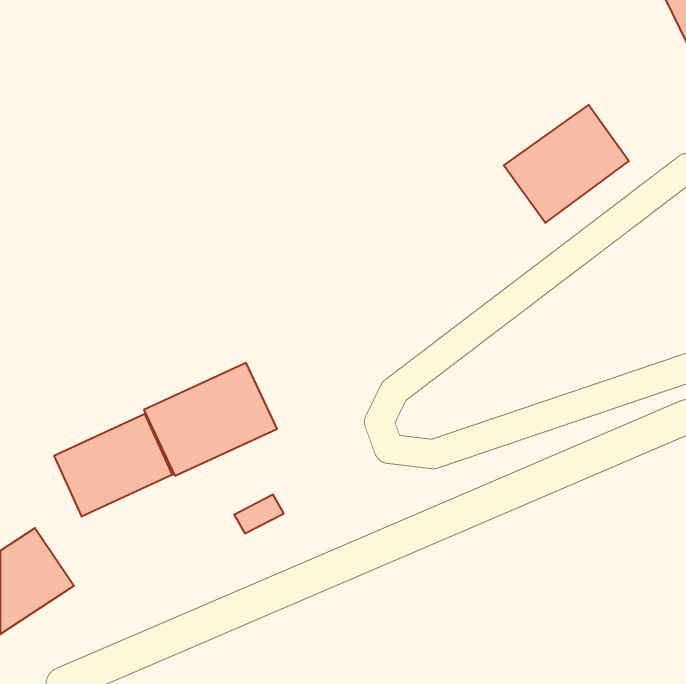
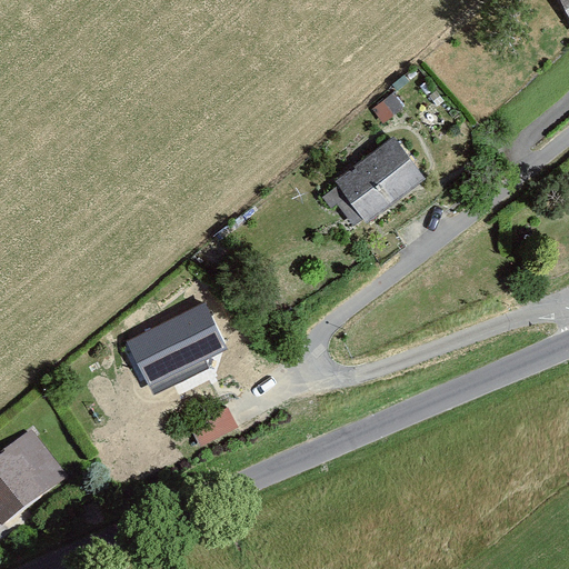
building: [504,105,629,223] -> [327,132,430,230]
building: [54,414,172,517] -> none

